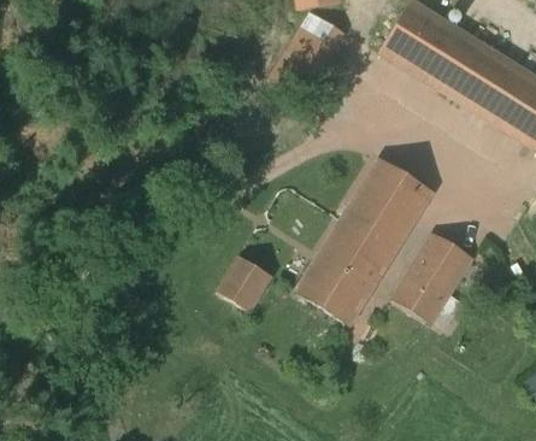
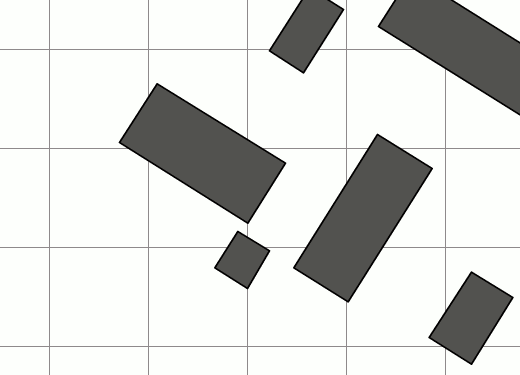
building: none -> [120,84,285,223]
building: [391,231,475,323] -> [429,272,513,364]

